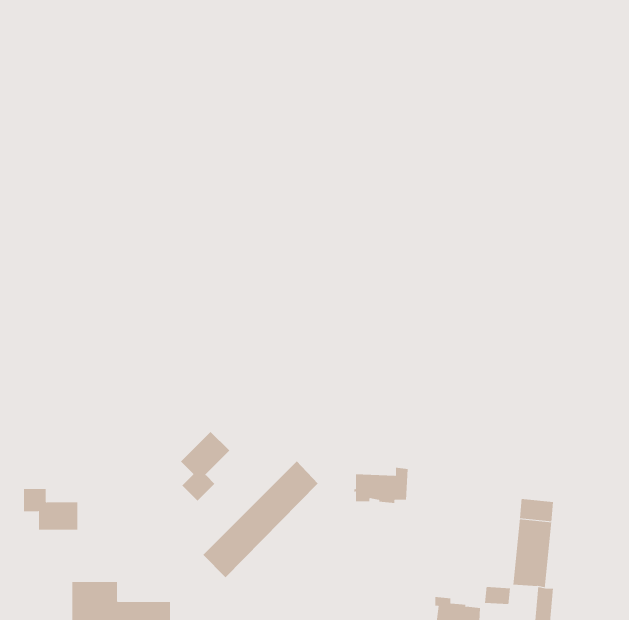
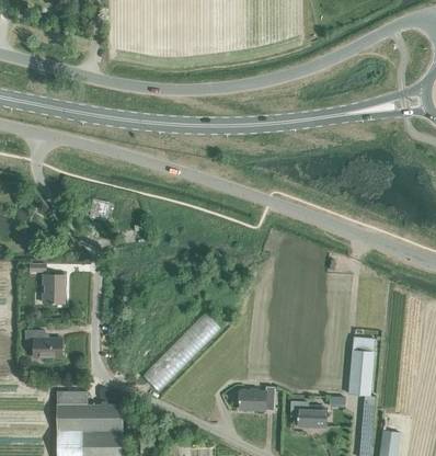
building: none -> [44,274,65,304]
building: [180,431,230,501] -> none
building: [354,467,408,504] -> [239,386,275,410]

